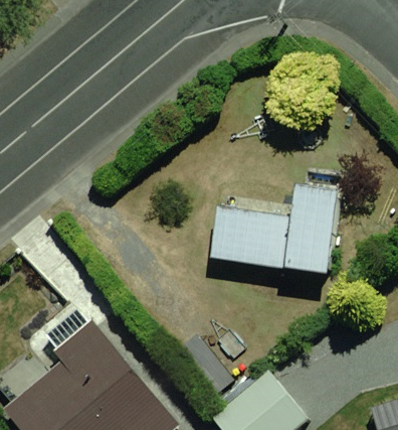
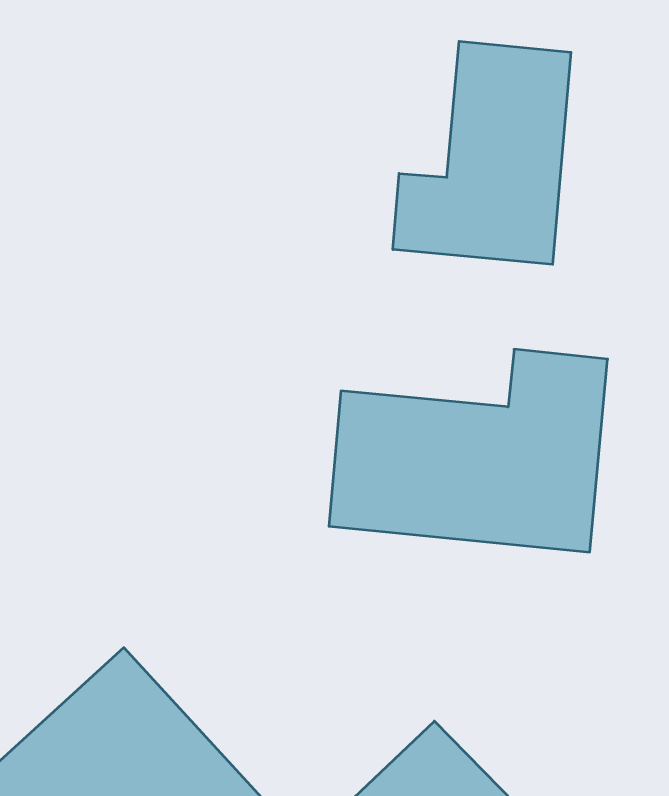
building: none -> [393,41,571,264]

